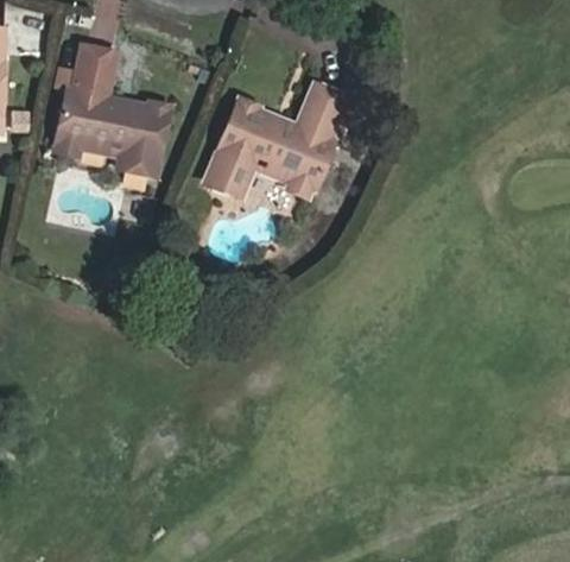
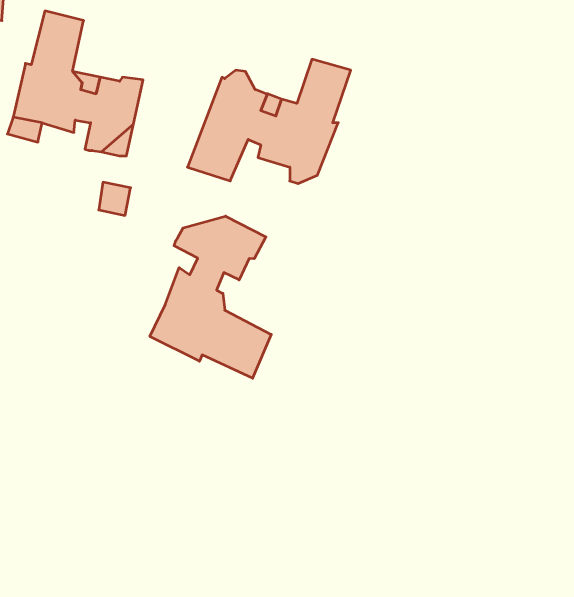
building: none -> [150,216,271,378]

